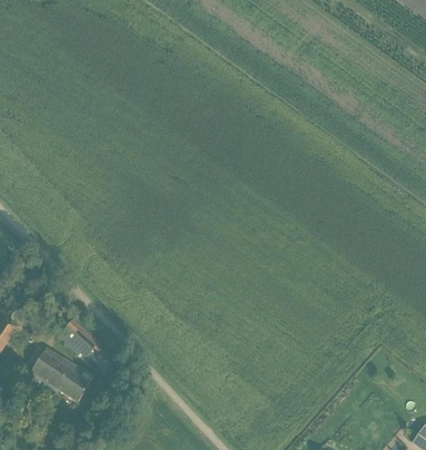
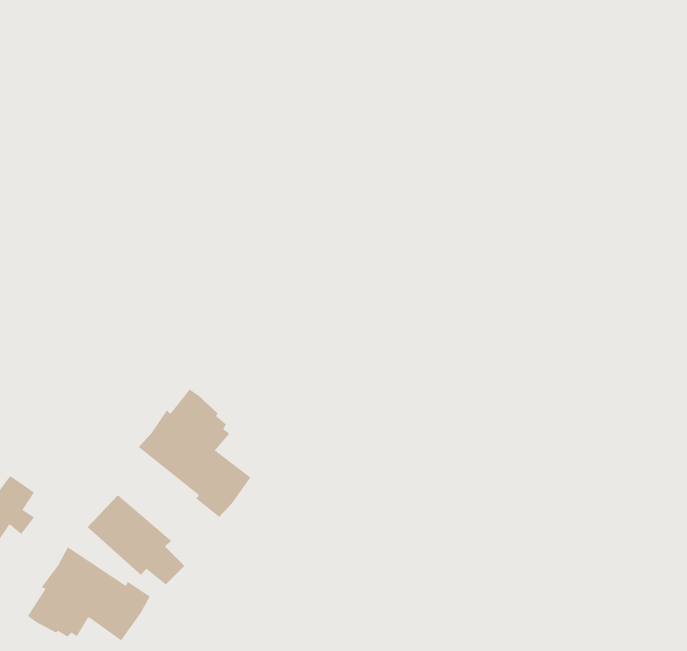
building: none -> [138,389,251,518]

